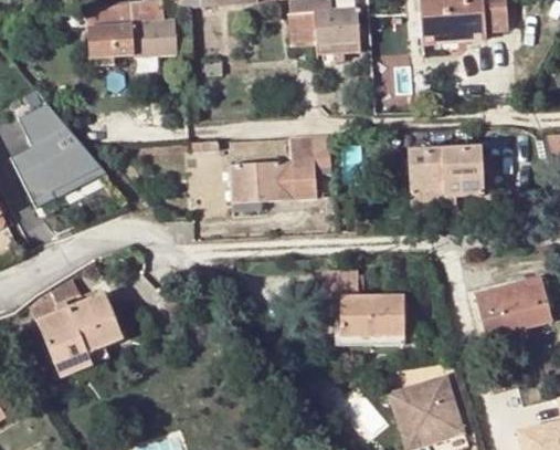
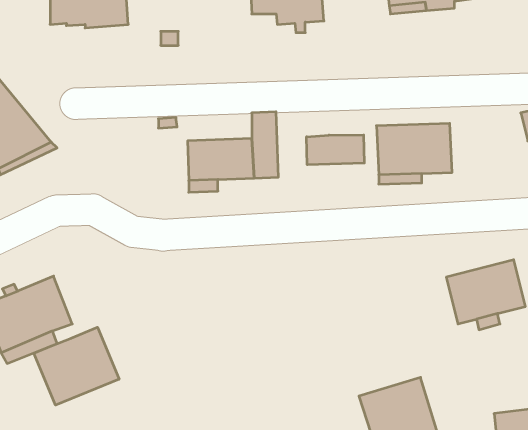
building: none -> [307,135,364,165]
building: [323,270,404,336] -> none
building: none -> [34,327,119,405]

